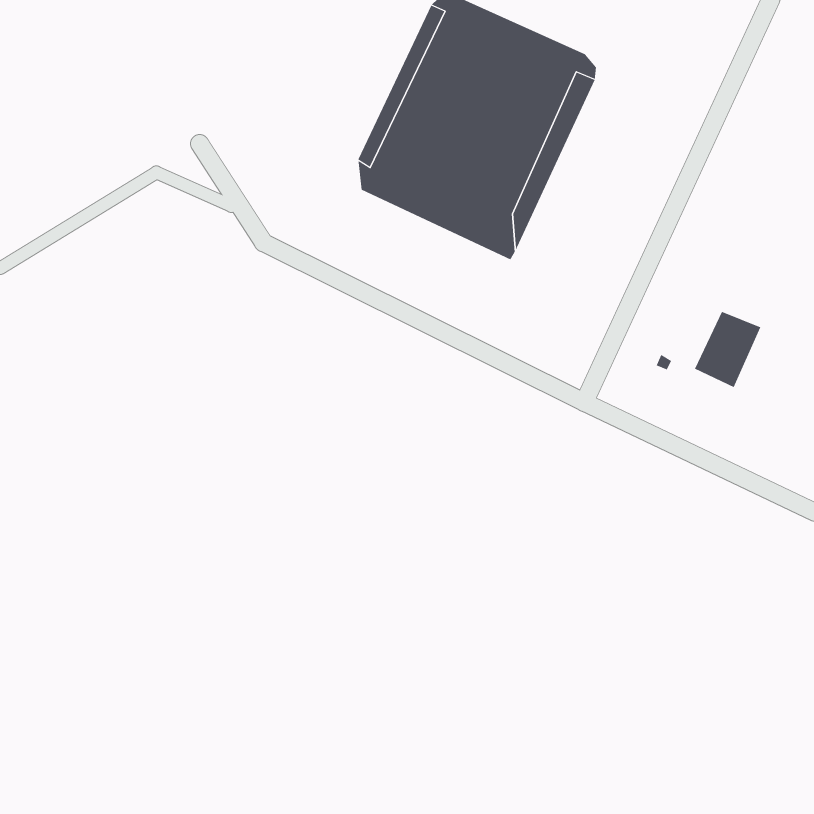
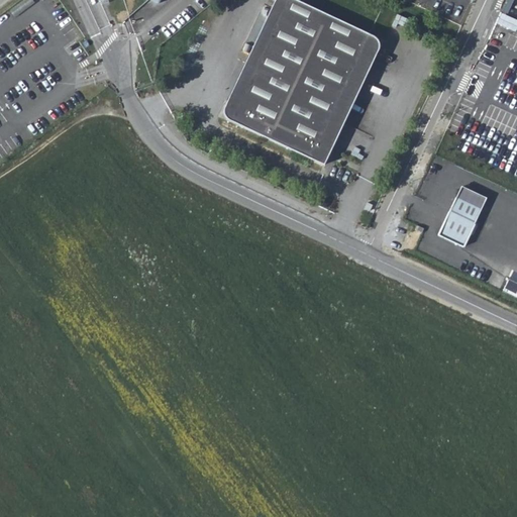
building: none -> [457,184,488,207]

